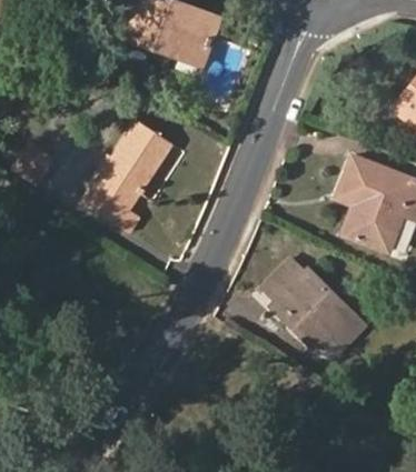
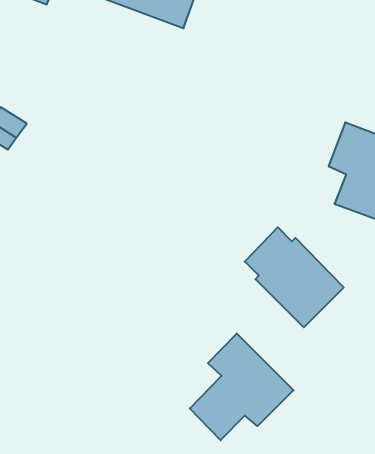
building: [85,124,172,233] -> none
building: none -> [190,333,294,440]

